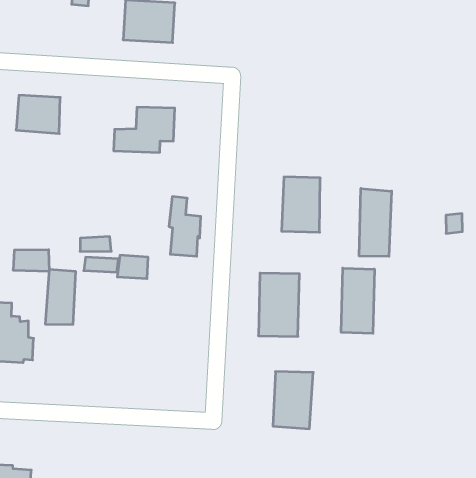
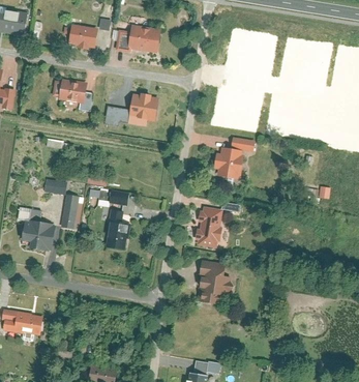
building: none -> [68,25,98,49]
building: [359,188,392,256] -> none
building: [169,197,201,256] -> [107,209,128,248]
building: [341,268,374,333] -> none

